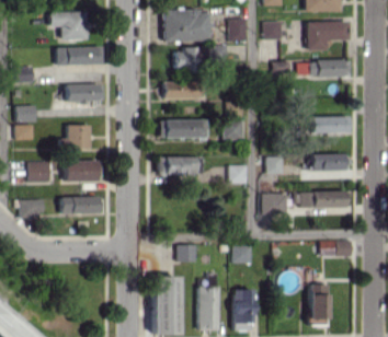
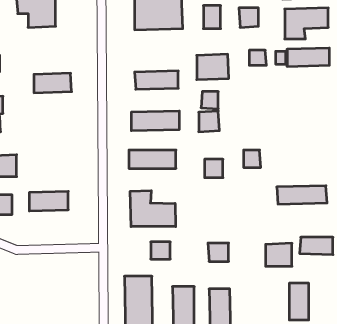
building: [57,46,103,65] -> none
building: [174,47,205,71] -> [197,54,229,80]
building: [311,116,351,132] -> none
building: [67,125,91,149] -> none
building: [311,153,346,171] -> none
building: [66,161,100,182] -> none
building: [262,193,287,214] -> [266,243,292,266]
building: none -> [130,191,176,227]

